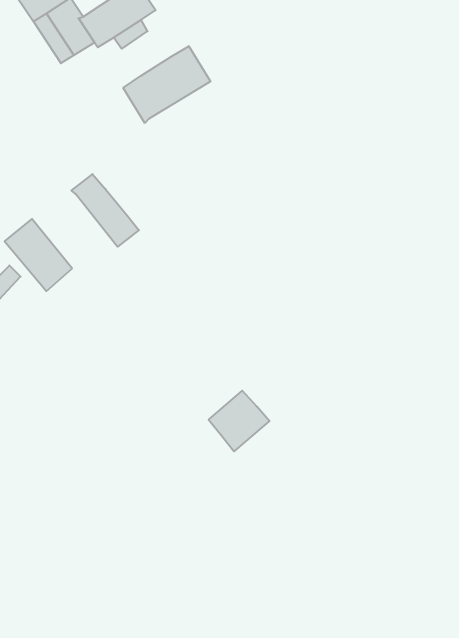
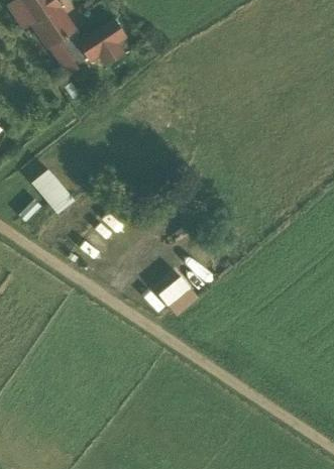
building: [123,46,210,123] -> none
building: [71,174,139,247] -> none

